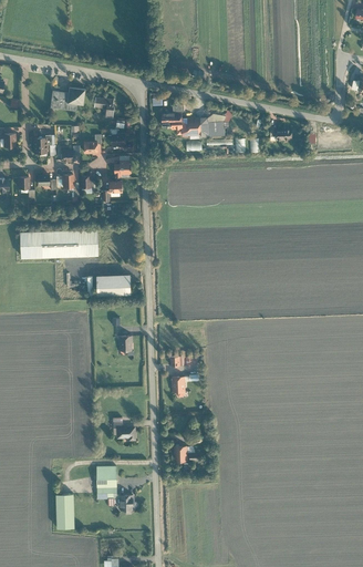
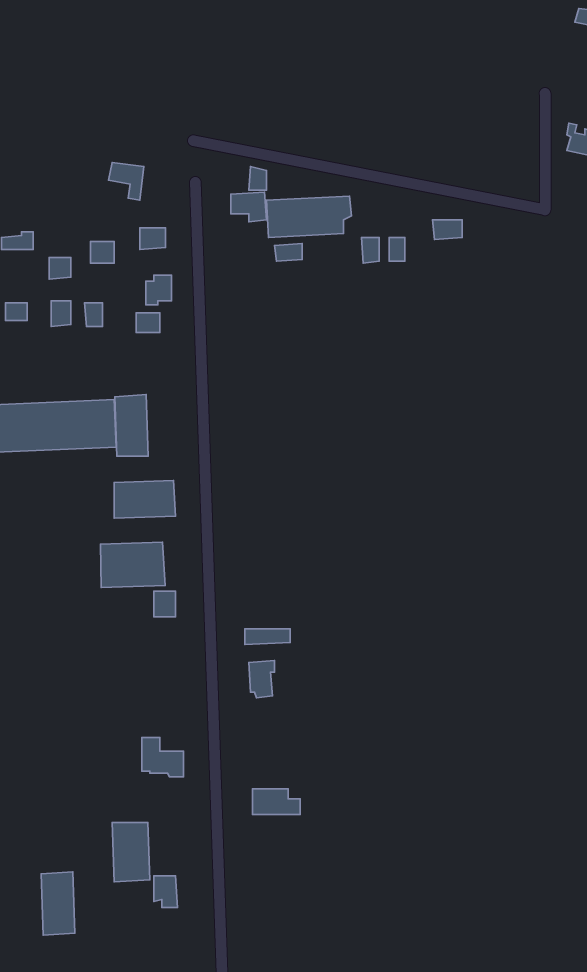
building: [50,85,84,110] -> none
building: none -> [115,394,148,456]
building: none -> [101,542,165,587]

